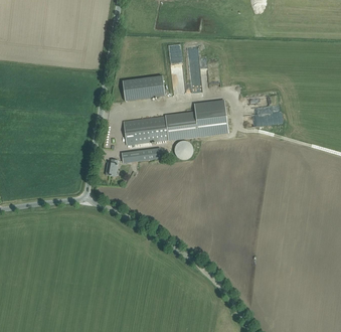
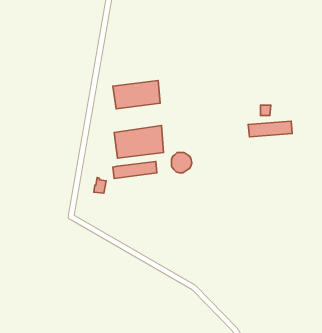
building: [165,100,228,139] -> none

